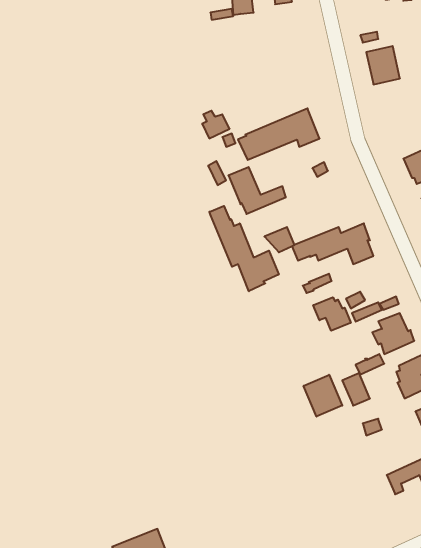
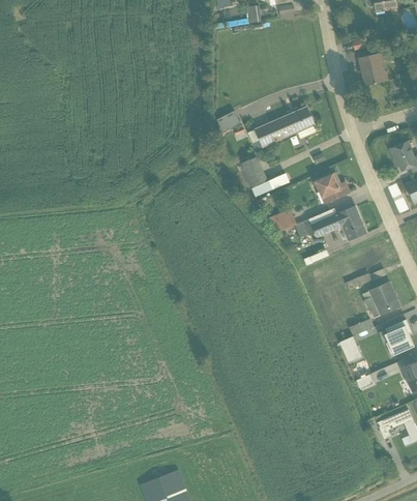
building: none -> [312,171,350,204]
building: [209,206,279,291] -> none
building: [313,297,351,331] -> none
building: [304,375,342,417] -> none

